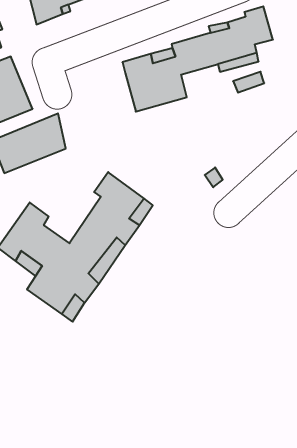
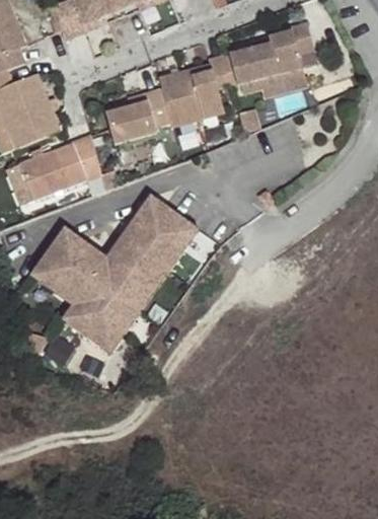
building: none -> [106,89,170,142]
building: none -> [75,217,136,272]

